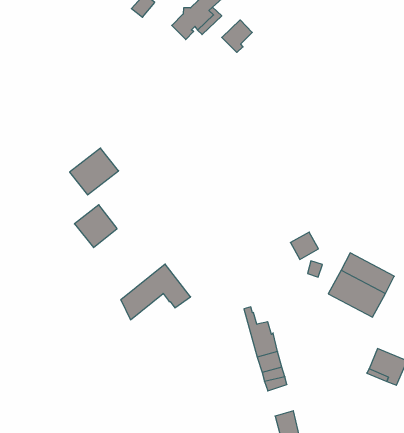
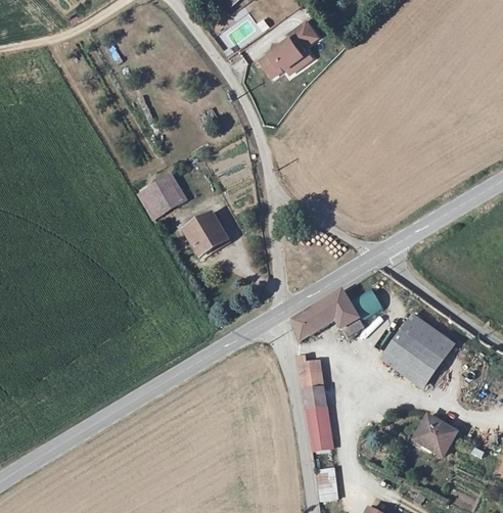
building: [222,20,252,52] -> none
building: [74,205,117,248] -> [184,213,227,255]
building: [121,264,191,320] -> [292,289,364,341]

